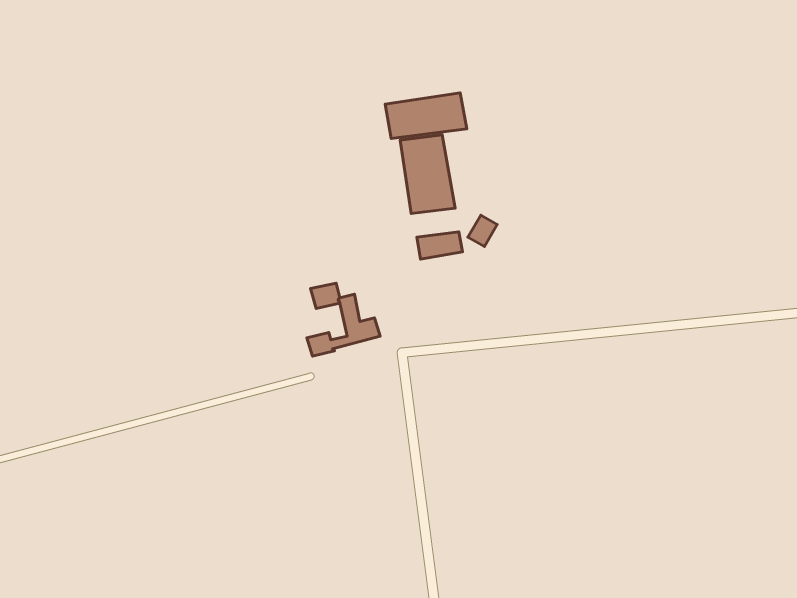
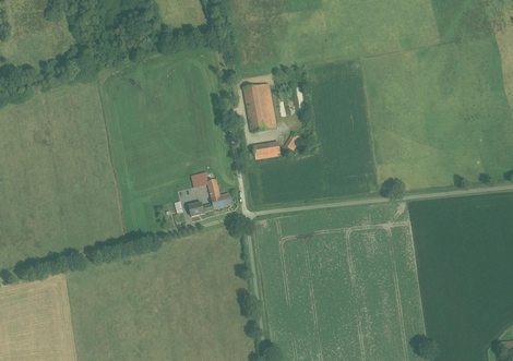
building: [385,93,467,139] -> none

